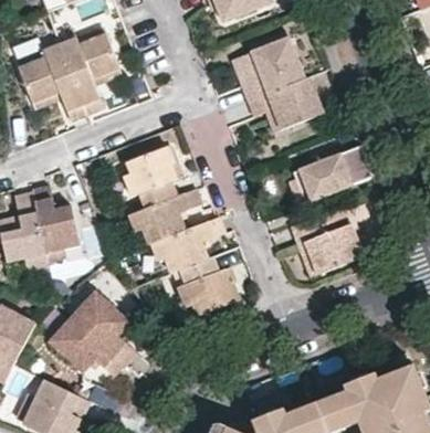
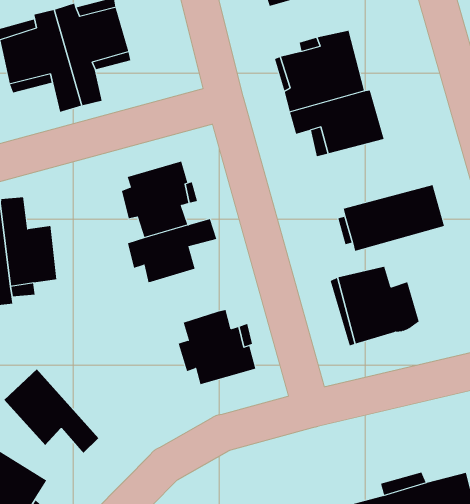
building: [154,216,223,273] -> none
building: [72,292,136,366] -> none

